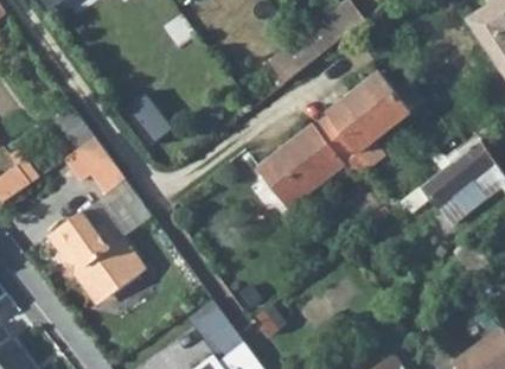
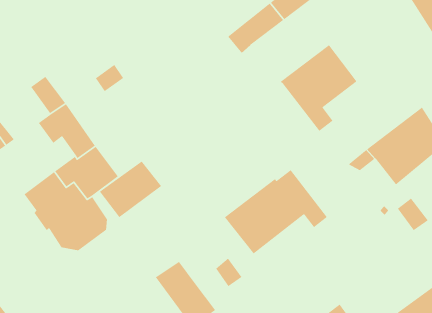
building: [257,114,370,206] -> [224,169,328,255]
building: none -> [99,160,162,218]

